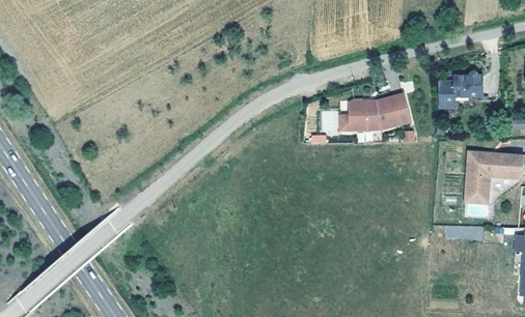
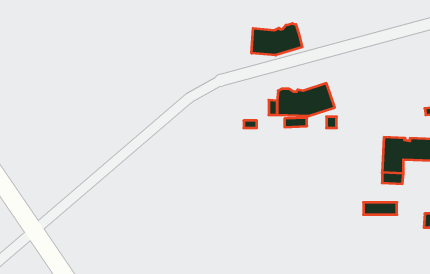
building: none -> [252,23,302,55]
building: [439,69,483,105] -> none

